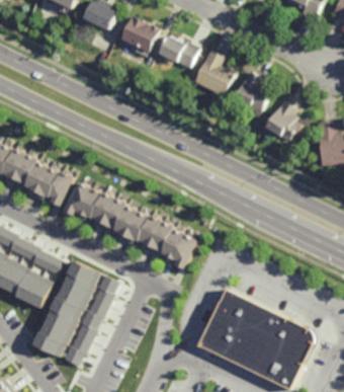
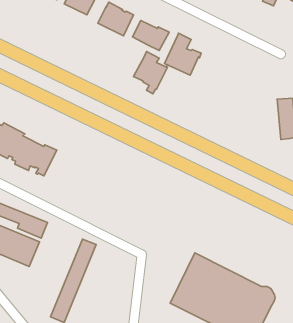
building: [233,70,270,116] -> [134,52,167,94]
building: [264,99,298,141] -> none
building: [63,182,195,269] -> none
building: [34,261,98,359] -> none

